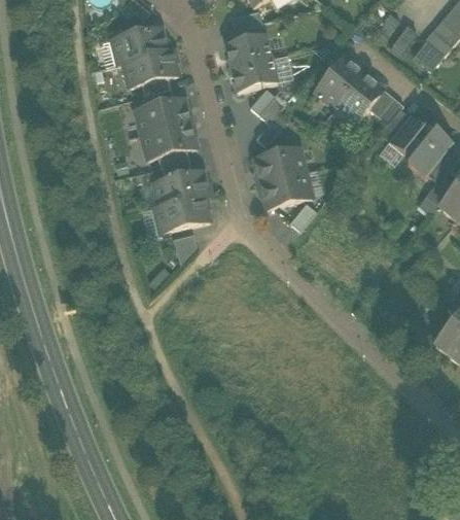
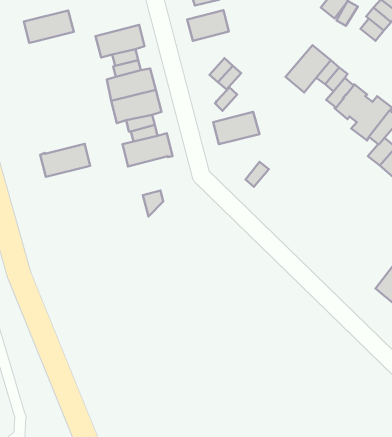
building: [112,26,168,62] -> [24,11,74,43]
building: [315,54,364,106] -> none
building: [232,56,278,90] -> none
building: [260,170,312,206] -> none
building: [154,195,210,232] -> [40,144,90,177]

